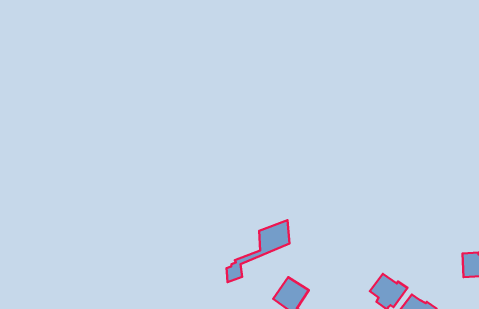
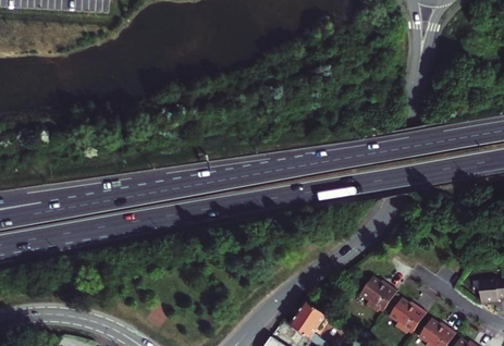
building: [227,220,290,282] -> none
building: none -> [360,276,397,312]

